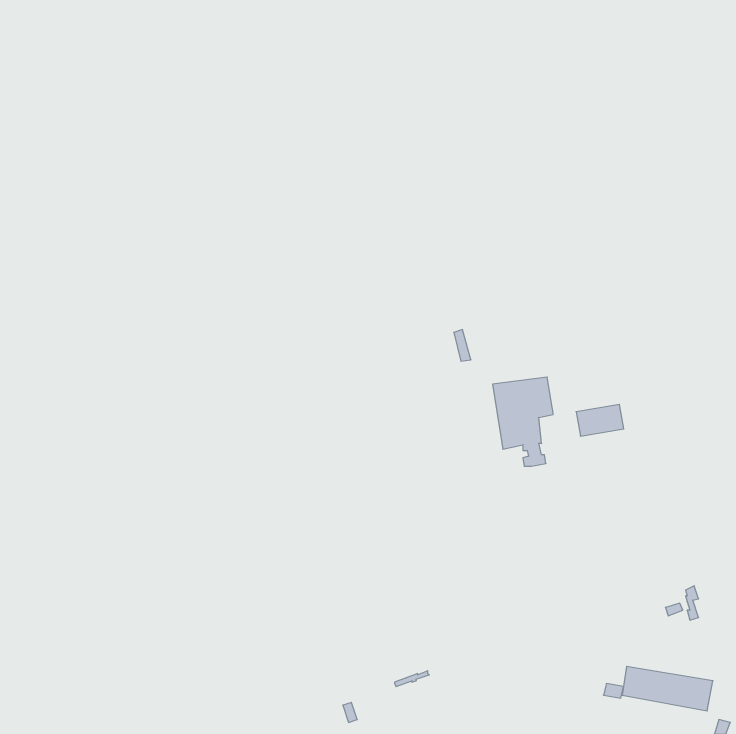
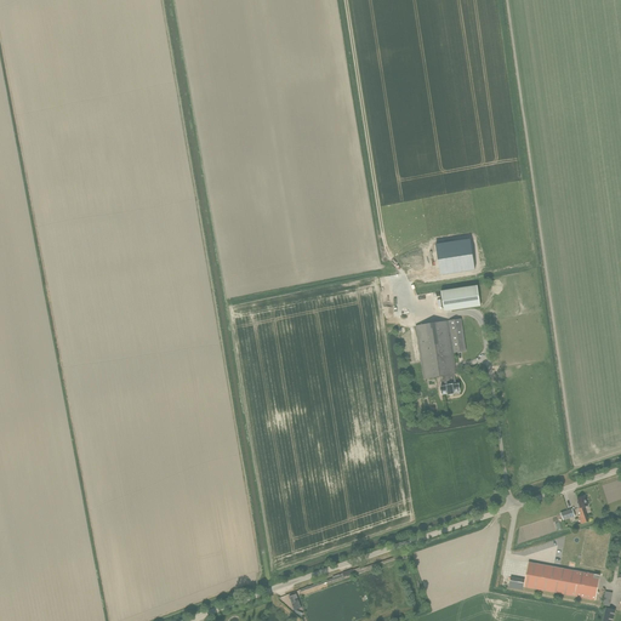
building: none -> [435,239,474,274]
building: [576,404,624,436] -> [440,284,480,310]

